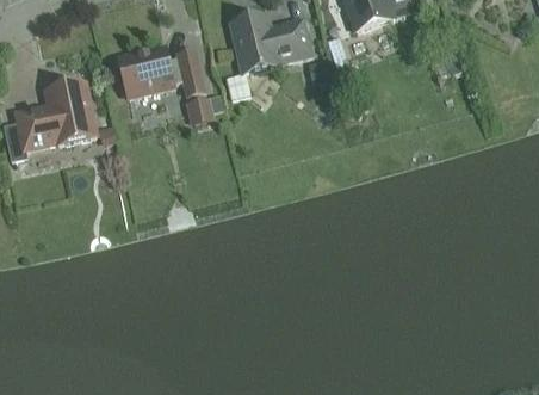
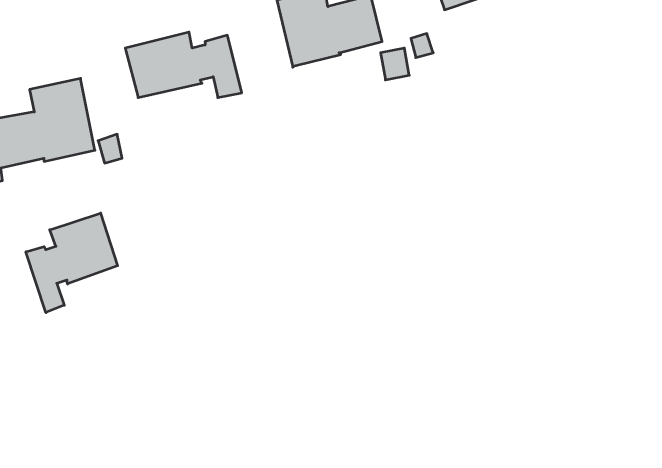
building: [185,93,218,124] -> none
building: none -> [26,213,118,313]

